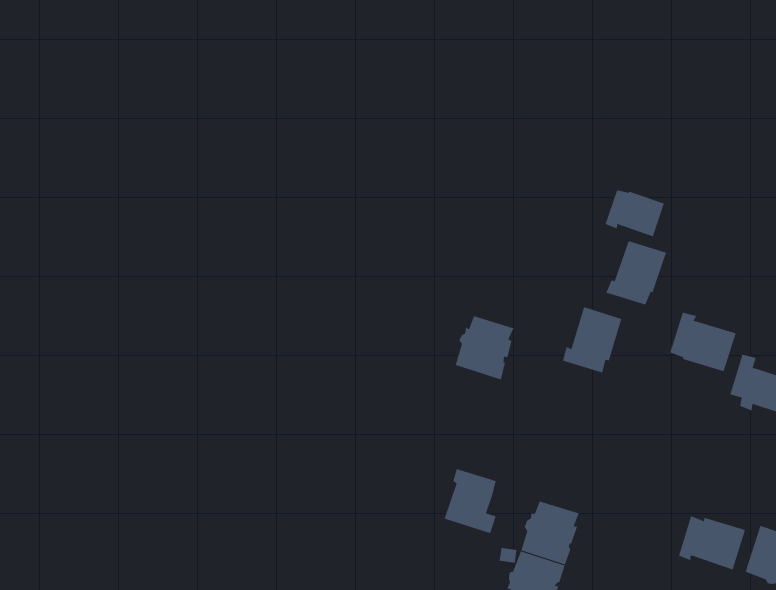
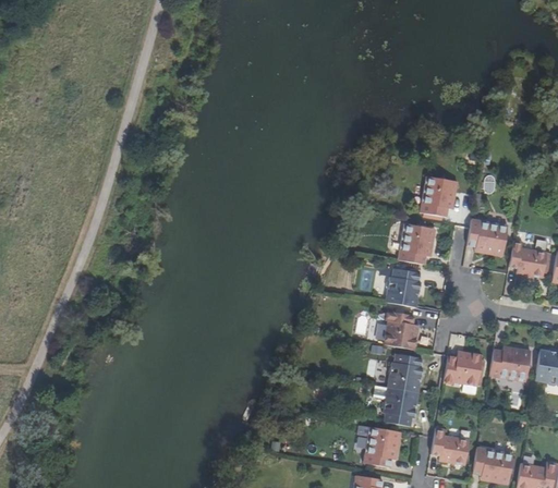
building: [605,189,665,237] -> none
building: [455,316,514,380] -> [386,268,421,307]
building: [444,468,497,534] -> [384,310,417,350]
building: none -> [444,352,483,386]

